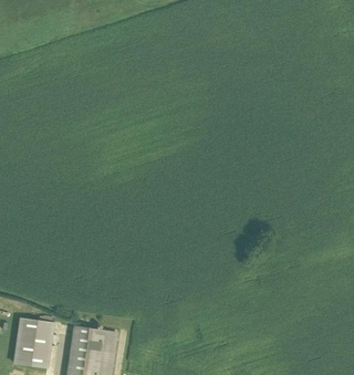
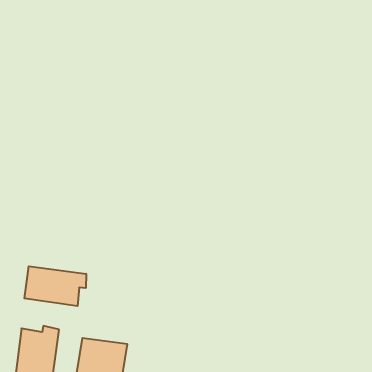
building: none -> [24,266,86,306]

